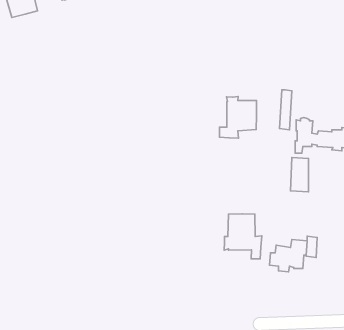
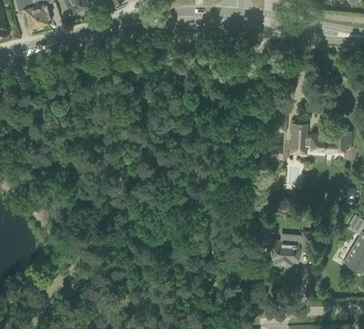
building: [220,97,256,138] -> none
building: [224,214,262,259] -> none

